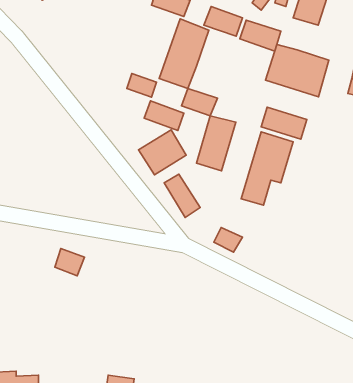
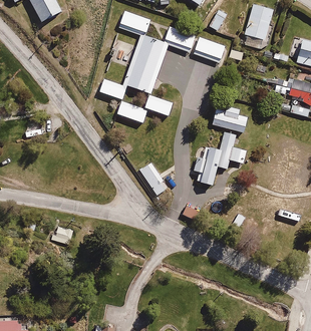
building: [265,44,329,97] -> none
building: [196,116,236,171] -> none
building: [138,130,186,175] -> none

